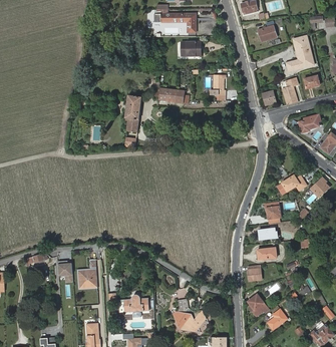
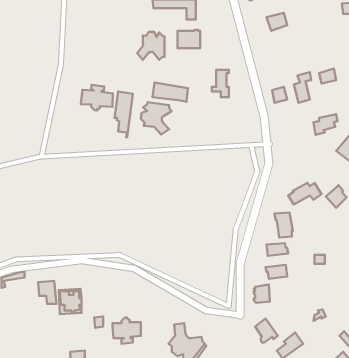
building: [285,36,313,71] -> none
building: none -> [137,32,164,60]
building: none -> [81,85,113,110]
building: none -> [141,102,171,134]

